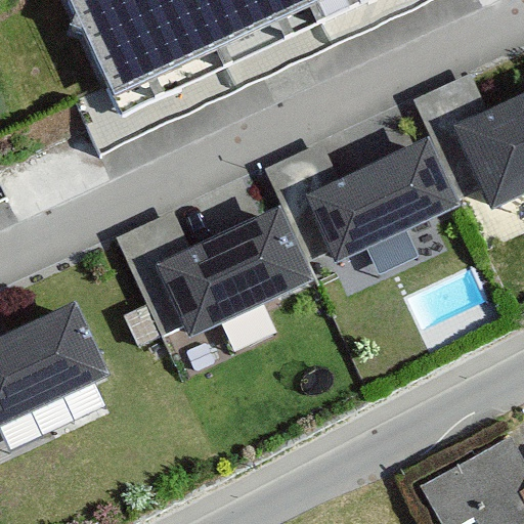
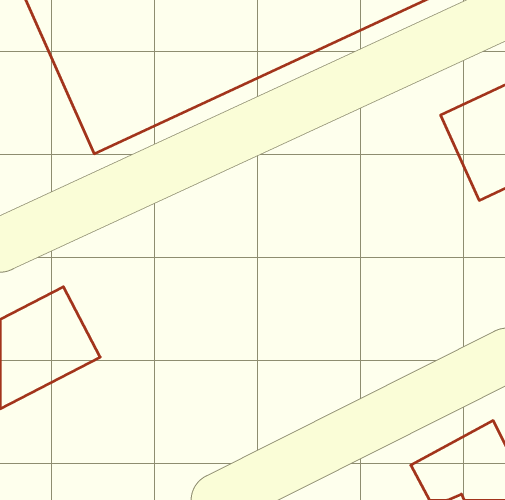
building: [303,121,457,261] -> none
building: [142,200,317,351] -> none

